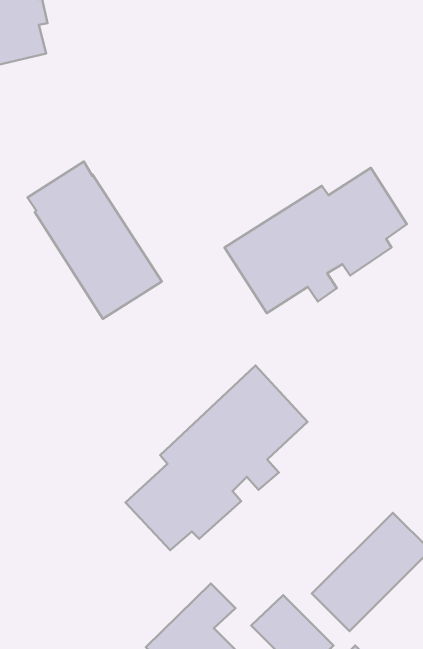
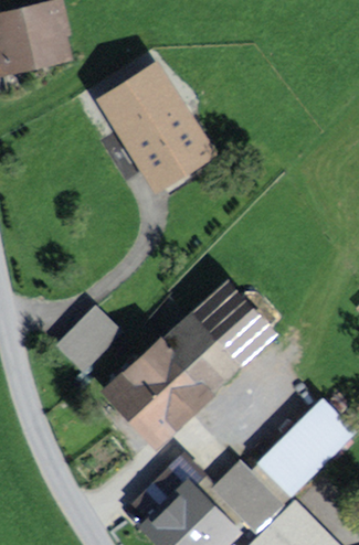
building: [28,162,162,319] -> [99,58,202,179]
building: [224,168,407,313] -> none
building: none -> [57,308,120,371]

